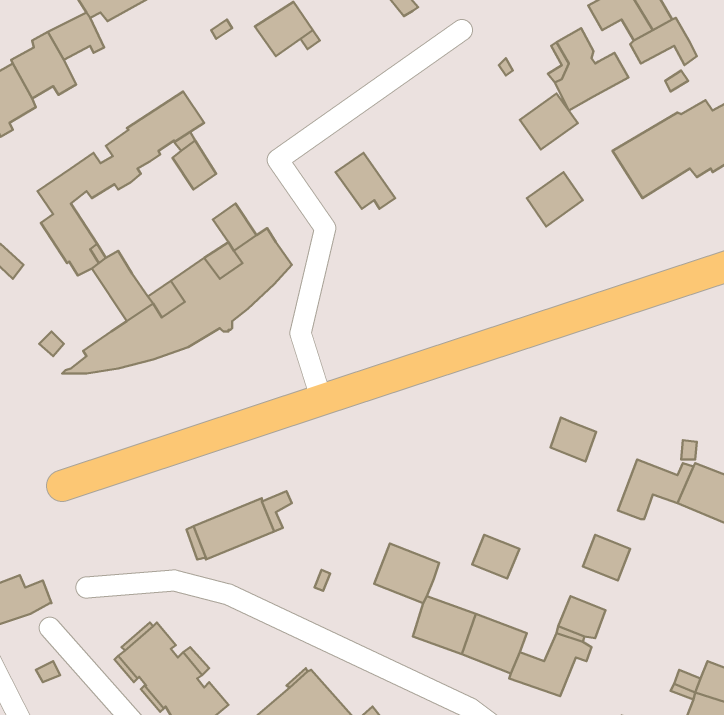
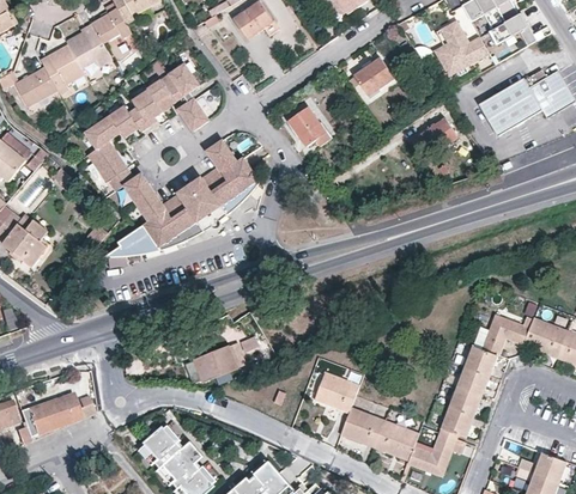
building: [520,93,578,150] -> [354,55,394,93]
building: [550,418,596,461] -> [466,346,497,376]
building: [472,535,519,579] -> [449,388,481,417]

